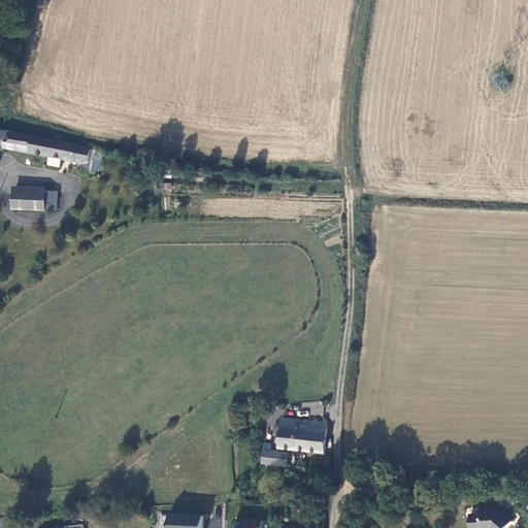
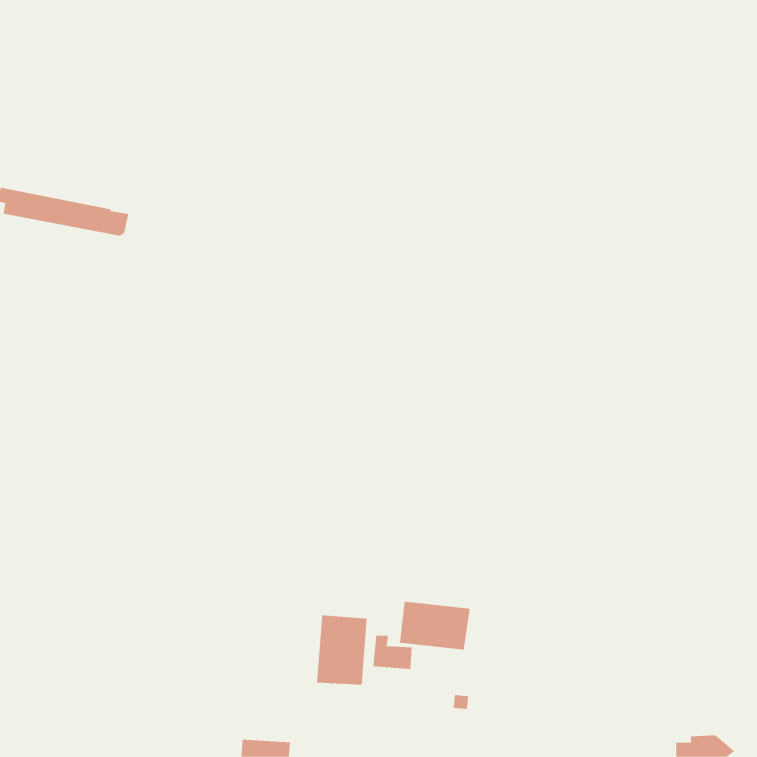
building: [11,191,56,210] -> none
building: none -> [316,614,367,685]

